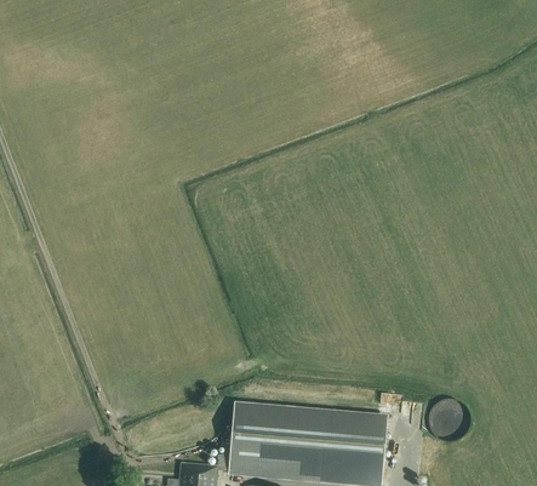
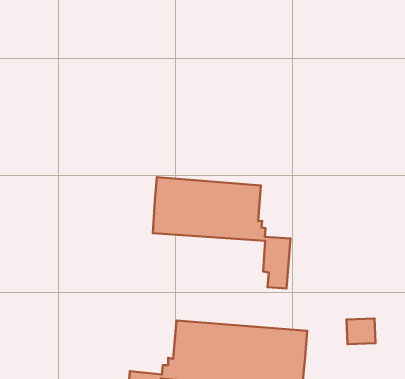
building: none -> [153,177,291,288]

